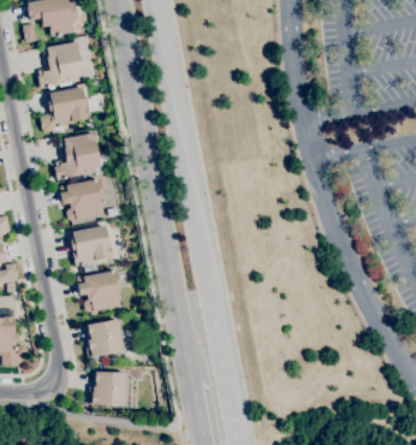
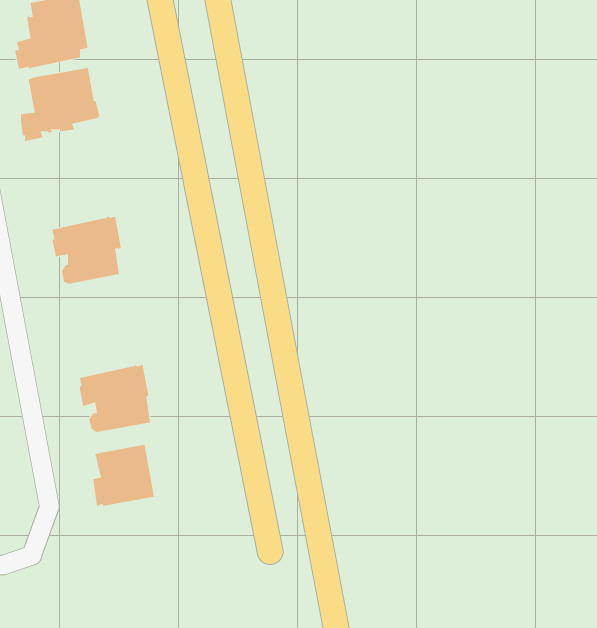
building: [55,132,102,179] -> none
building: [70,225,114,266] -> none
building: [90,370,129,405] -> none

